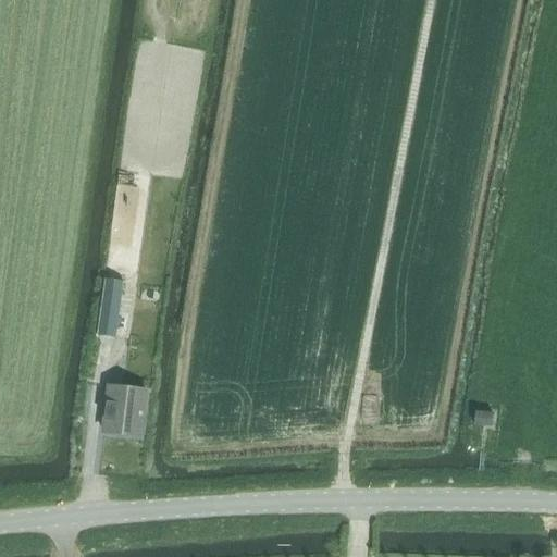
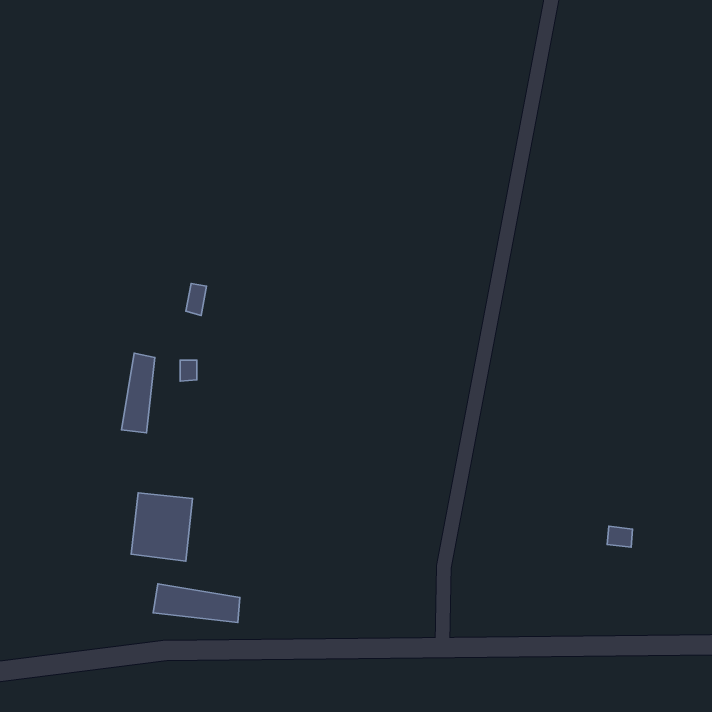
building: none -> [153,584,240,622]

